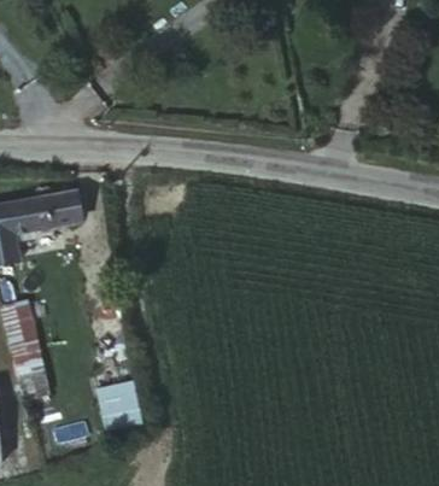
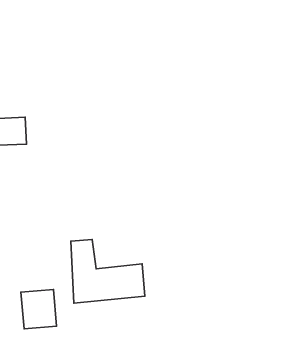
building: none -> [71,239,145,303]

